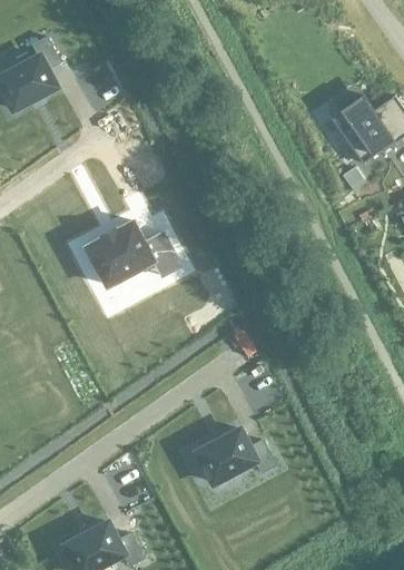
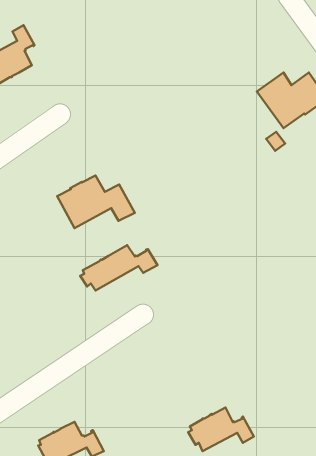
building: none -> [80,245,158,290]
building: [195,429,275,482] -> [188,407,254,451]

